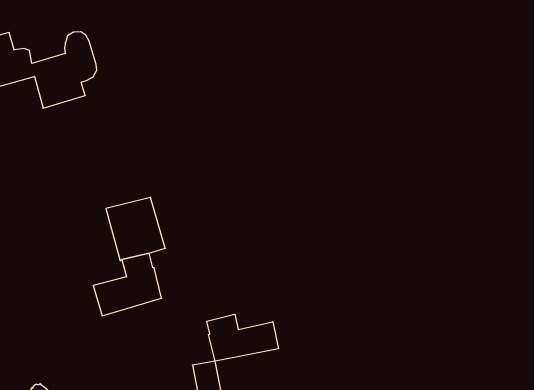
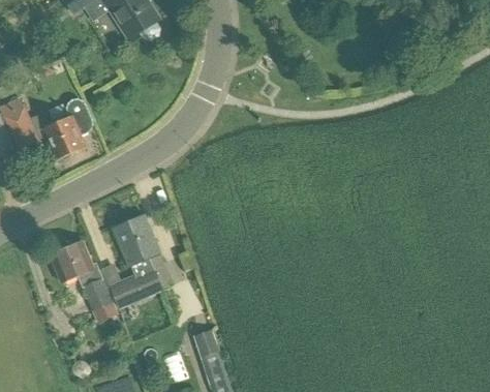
building: none -> [51,240,118,322]
building: [207,314,278,361] -> none

